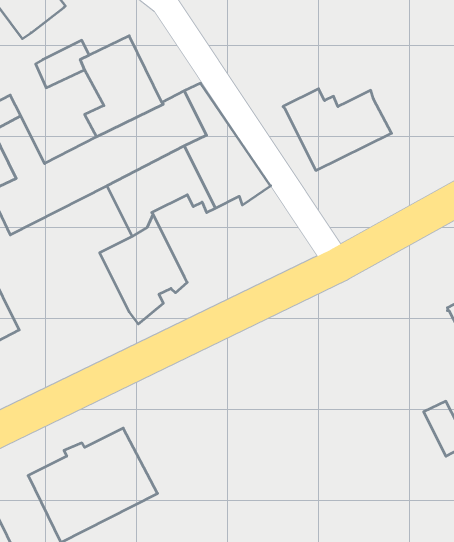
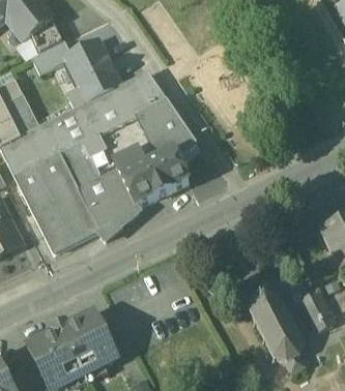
building: none -> [29,18,64,54]
building: [283,89,392,170] -> [113,148,189,205]
building: none -> [15,142,99,251]
building: none -> [246,289,307,371]

